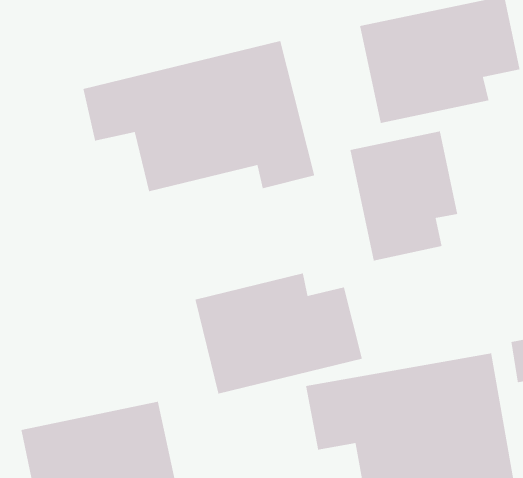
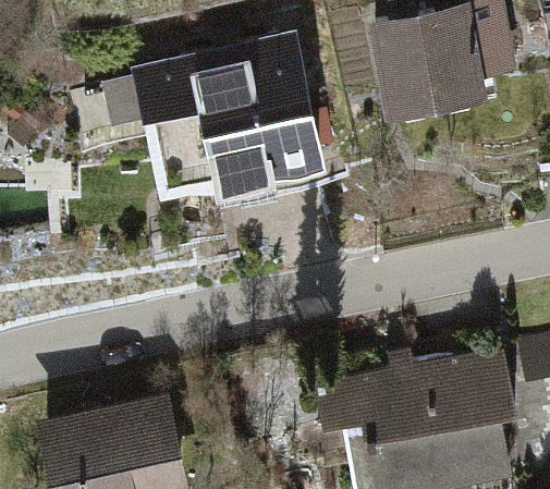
building: [349,130,458,262] -> none
building: [195,272,363,394] -> none

